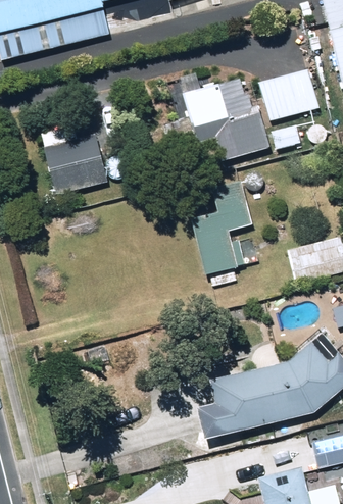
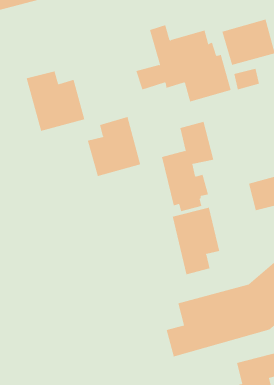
building: none -> [87,116,141,177]
building: none -> [172,207,220,275]

